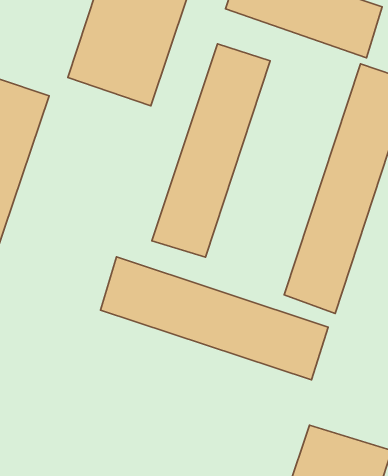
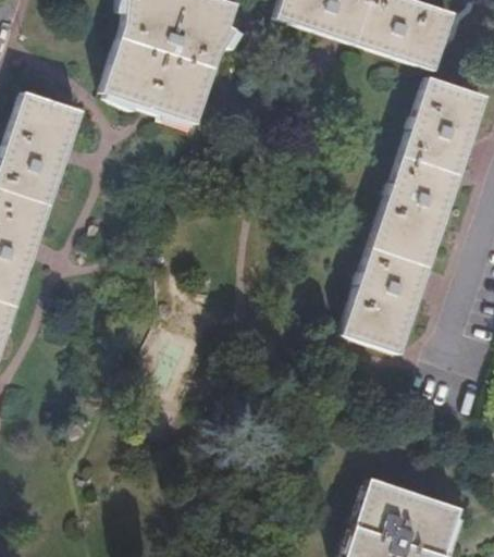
building: [152,44,270,257] -> none
building: [101,257,328,380] -> none

